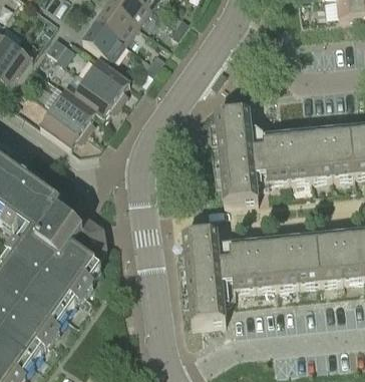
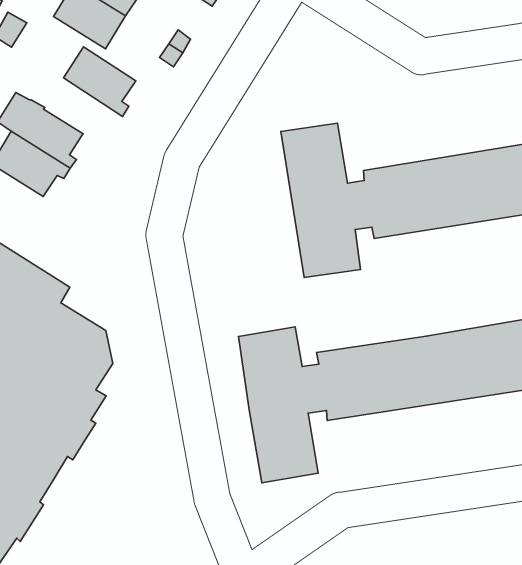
building: [73,74,120,115] -> none

